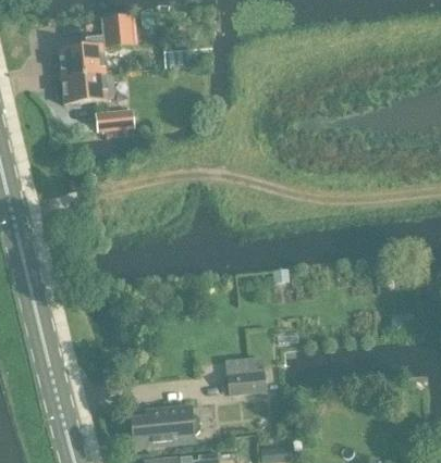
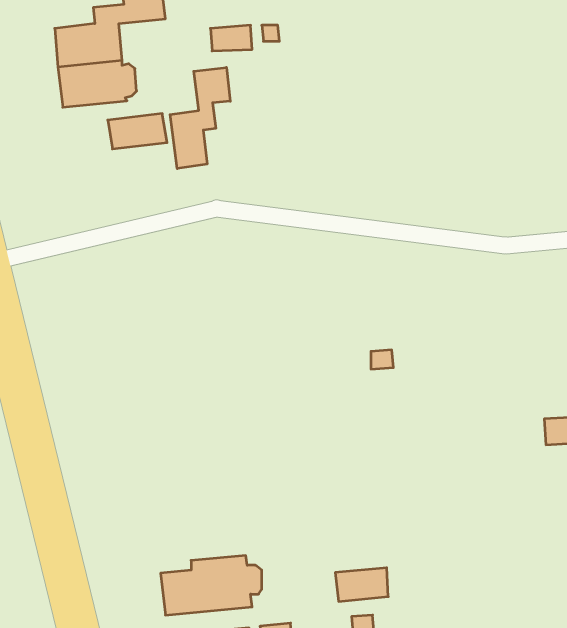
building: none -> [170,67,230,169]
building: [228,372,264,395] -> [335,568,388,601]

